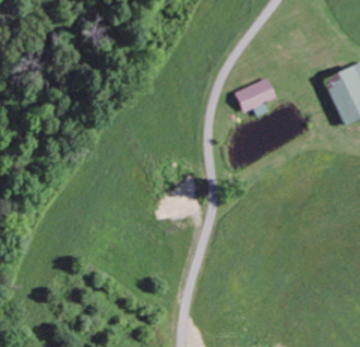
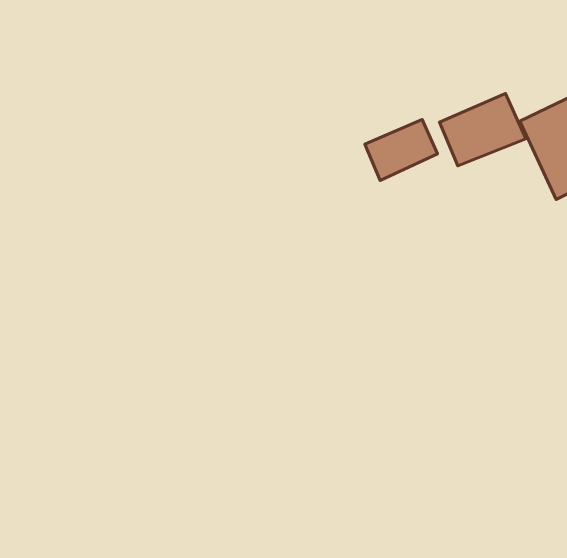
building: none -> [439,94,526,166]

